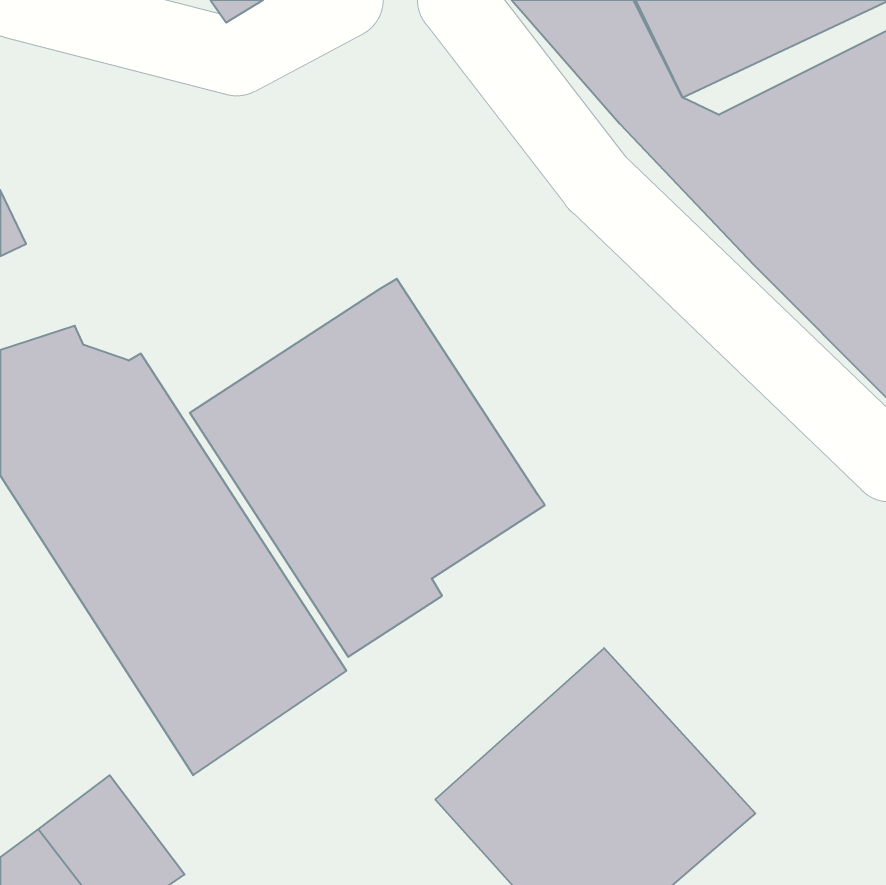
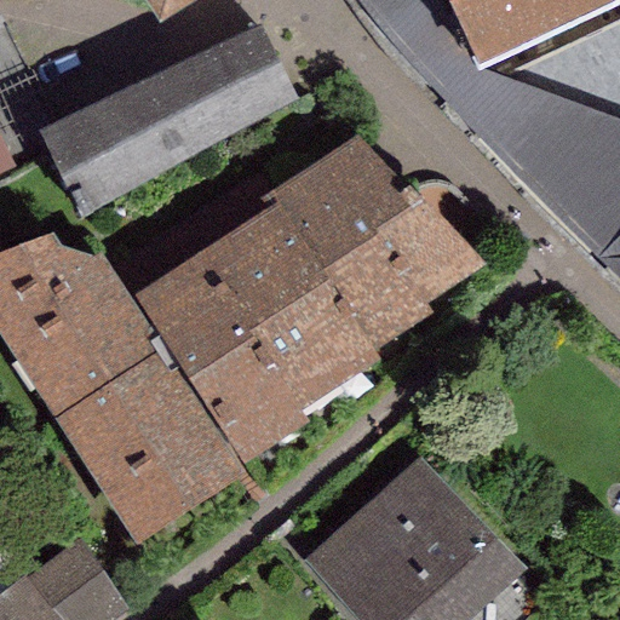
building: none -> [42,23,303,216]
building: none -> [259,132,486,348]

